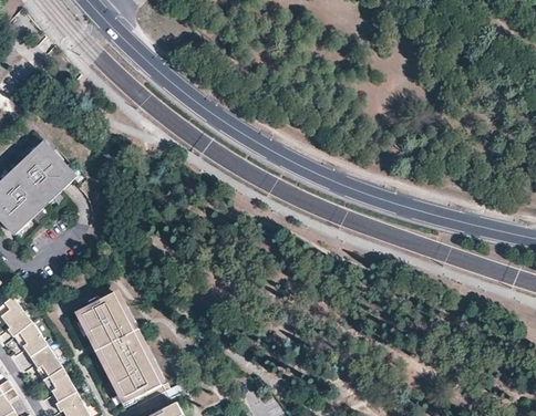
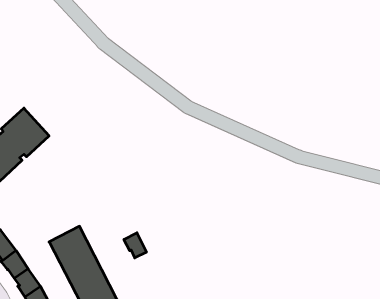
building: none -> [124,233,146,258]

